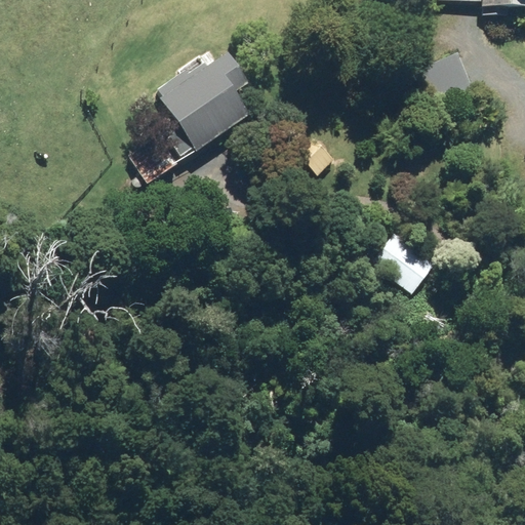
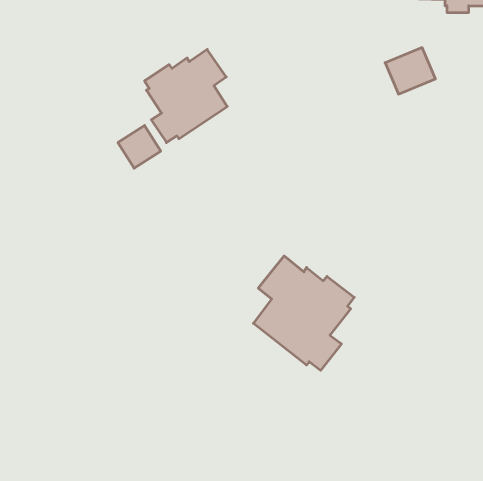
building: [375,231,434,287] -> none
building: none -> [253,256,354,370]

